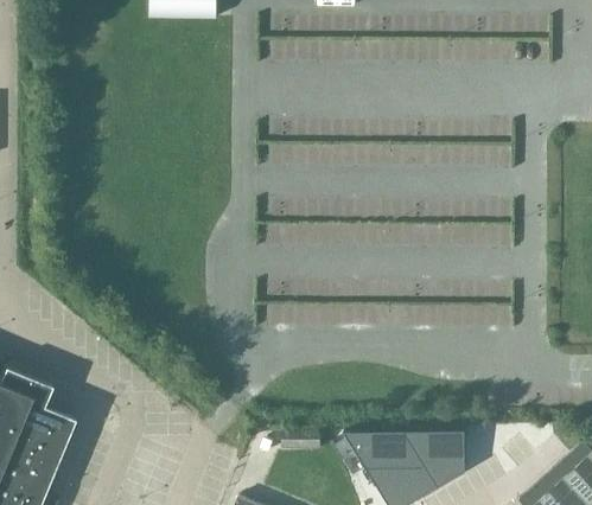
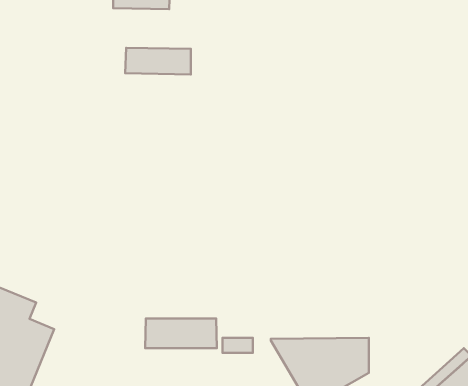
building: none -> [125,48,191,74]
building: none -> [145,318,217,348]

